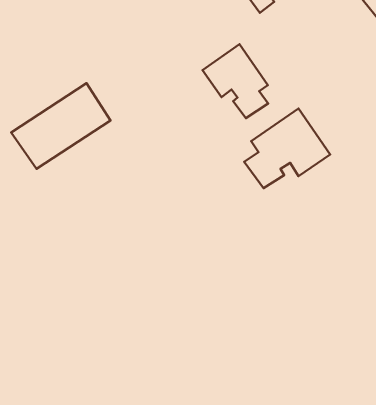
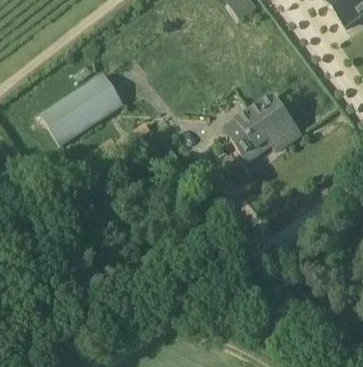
building: [202,44,268,118] -> none

